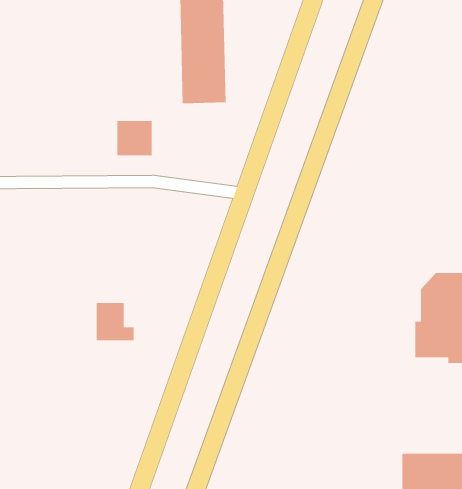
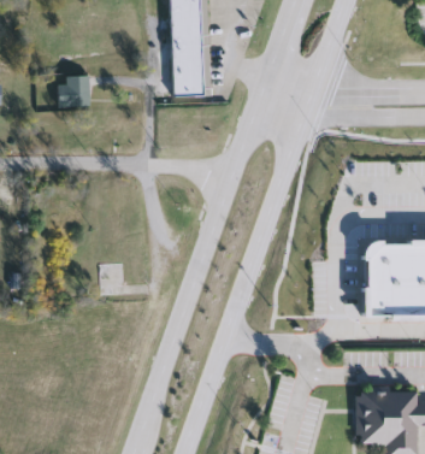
building: [117,120,153,156] -> [59,77,89,107]

